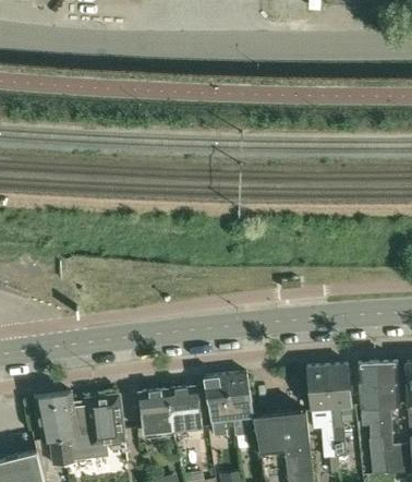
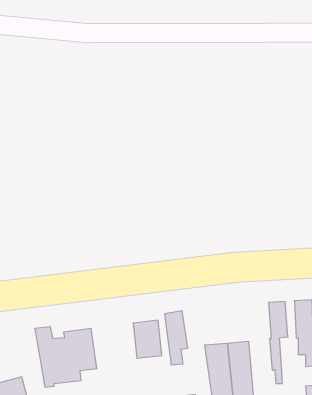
building: [306,365,331,445] -> none
building: [226,373,254,435] -> none
building: [138,389,172,435] -> none
building: [34,396,64,467] -> none

